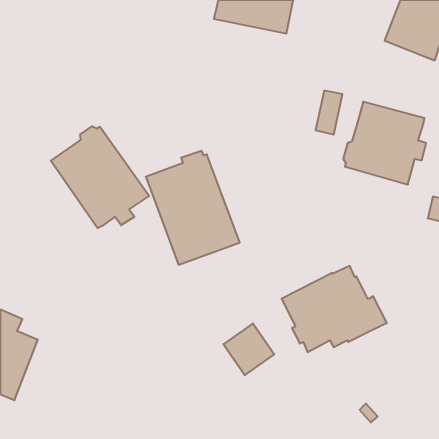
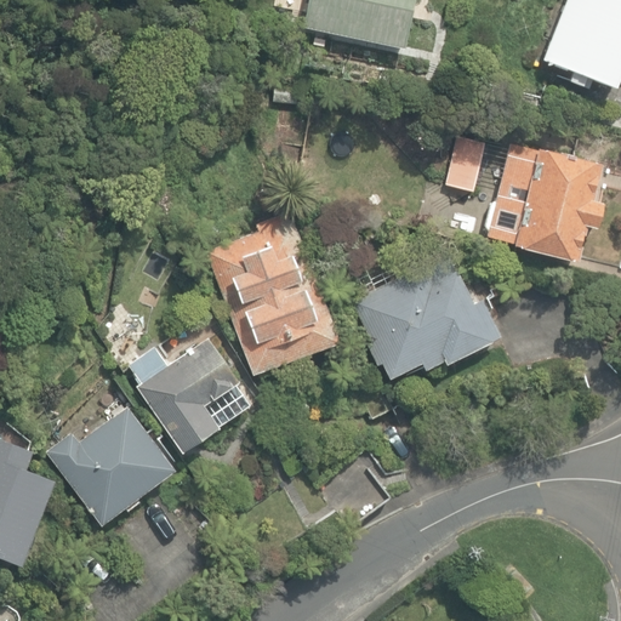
building: [51,126,149,228] -> none
building: none -> [129,336,249,452]
building: [282,266,387,352] -> [353,257,501,378]
building: none -> [45,409,173,526]

